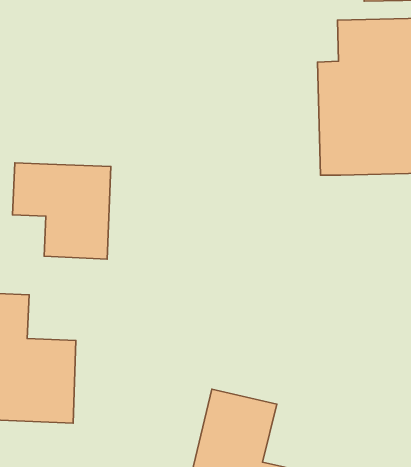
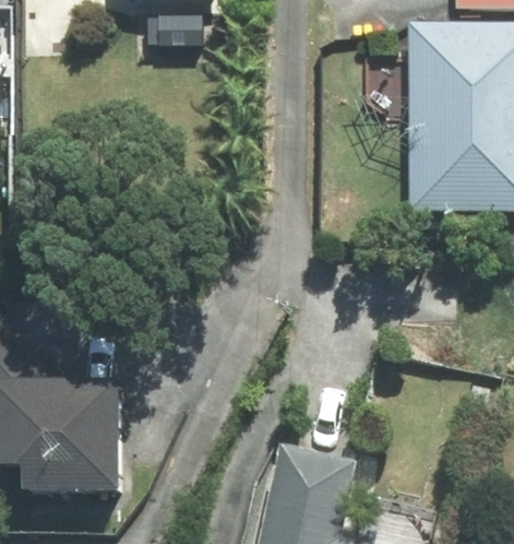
building: [13,163,111,259] -> none

